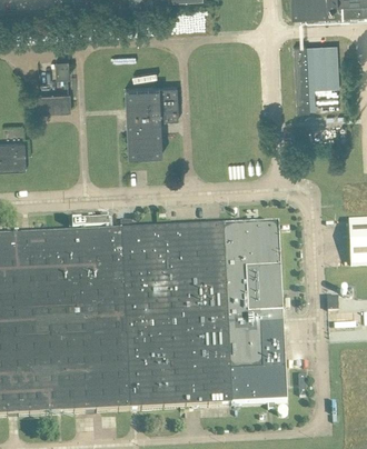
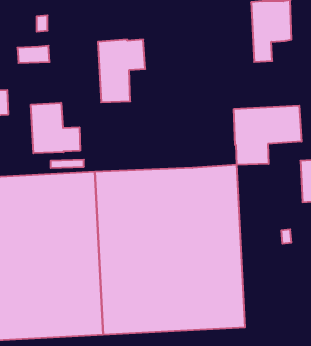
building: none -> [31,103,80,153]
building: none -> [234,106,302,165]

